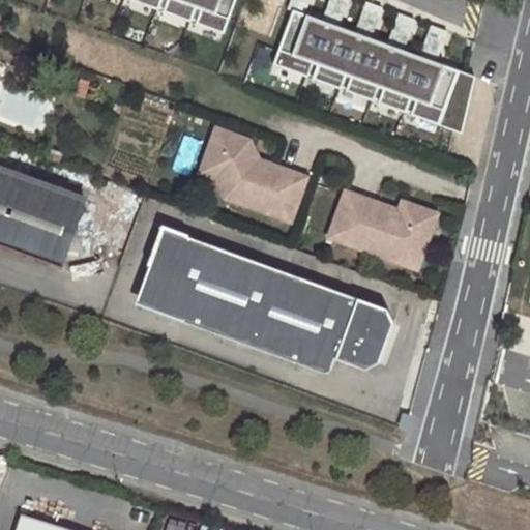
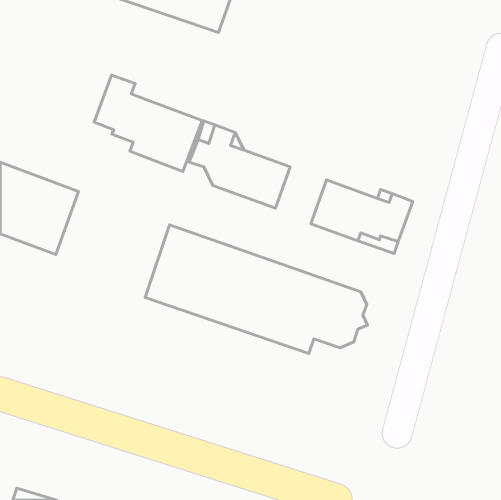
building: [282,8,480,128] -> none
building: none -> [94,75,202,171]
building: [128,228,179,314] -> none

